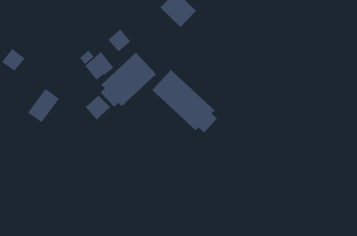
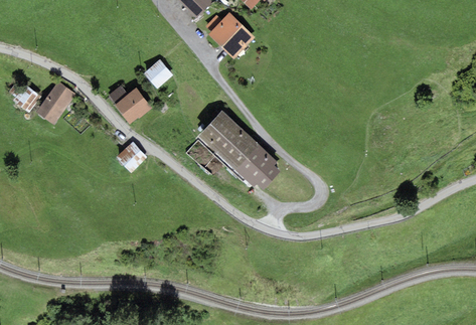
building: [99,52,157,108] -> none
building: [27,88,60,123] -> [35,82,75,125]

